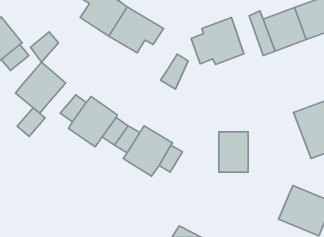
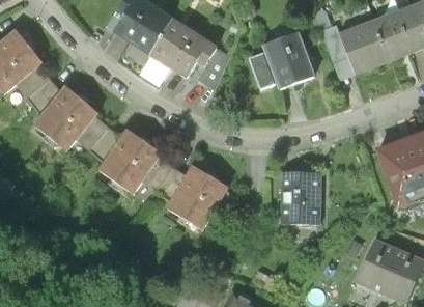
building: [31,32,58,62] -> [27,78,61,115]
building: [160,54,188,89] -> [195,45,229,88]
building: [17,108,45,136] -> [74,114,108,149]

